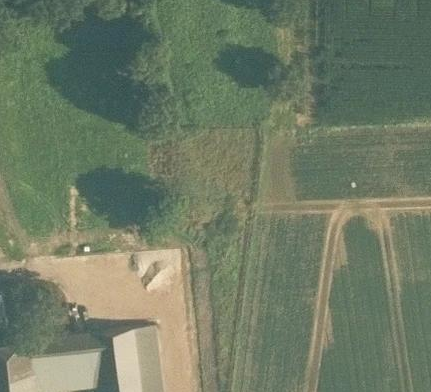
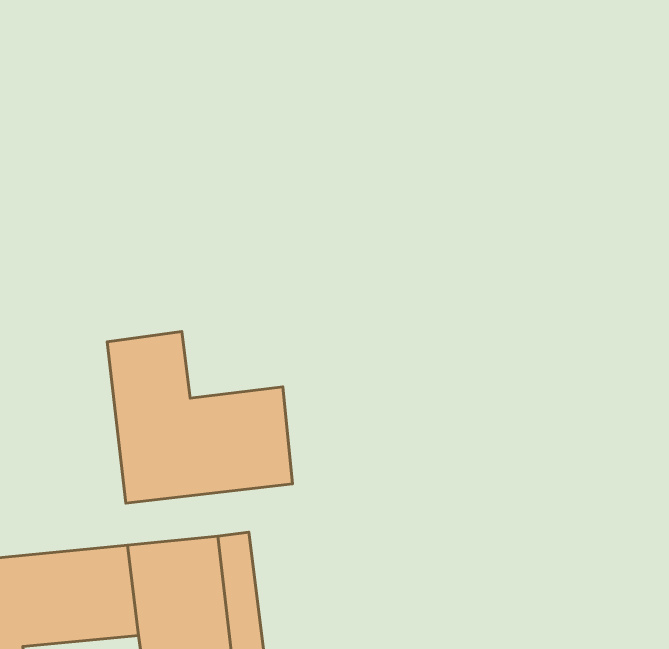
building: none -> [107,331,292,503]

